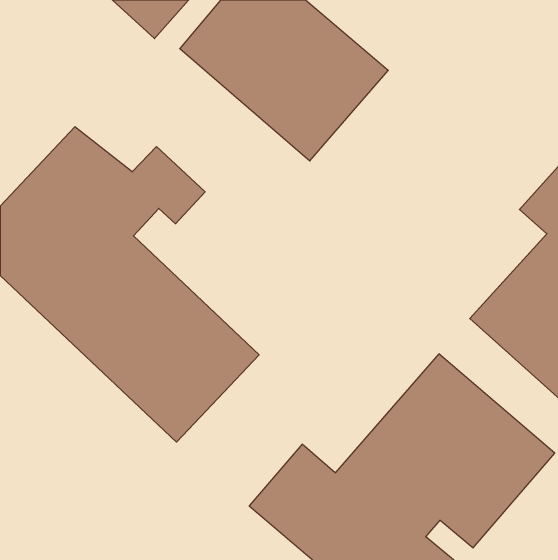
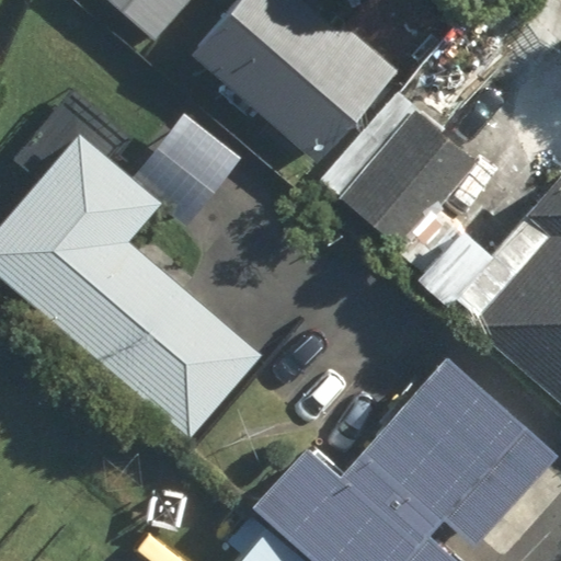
building: none -> [341,111,479,252]

